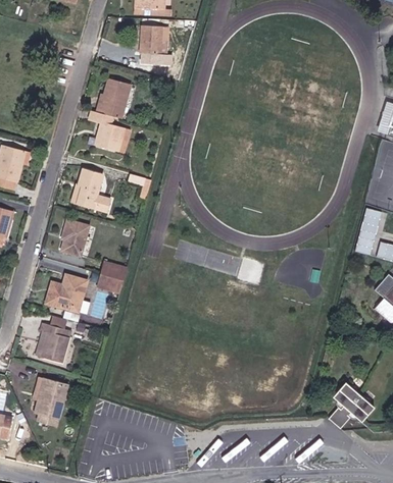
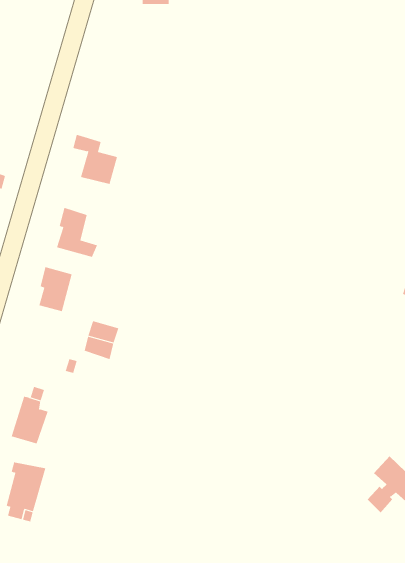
building: [140,26,169,65] -> none
building: [97,84,131,124] -> none
building: [45,279,85,315] -> none

